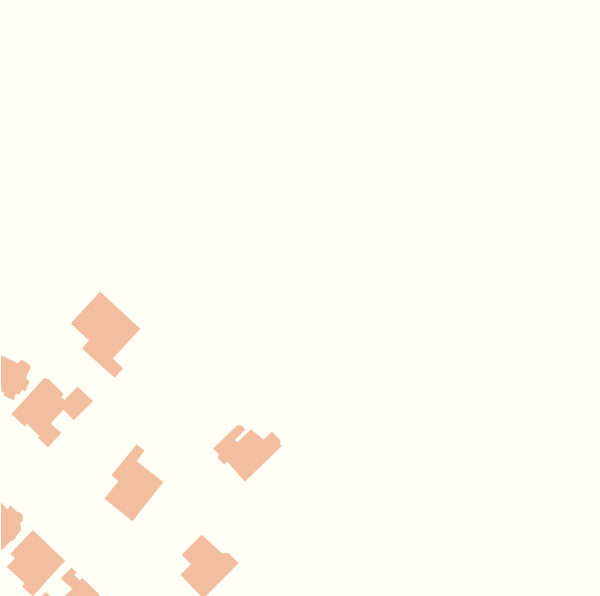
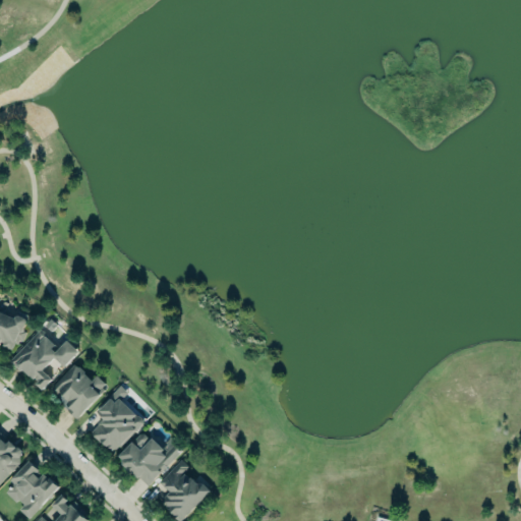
building: [70,291,141,379] -> none
building: none -> [49,362,106,418]
building: [212,425,282,482] -> [118,435,179,484]

